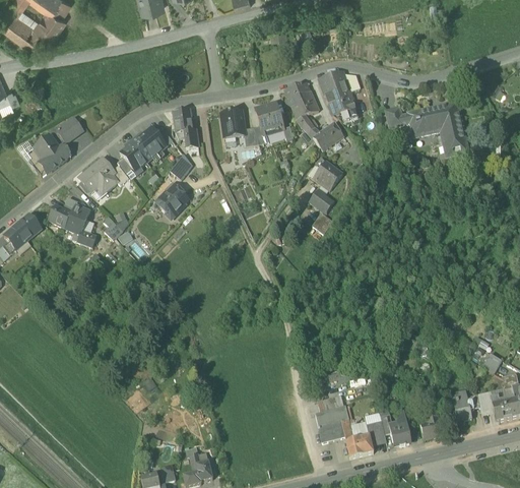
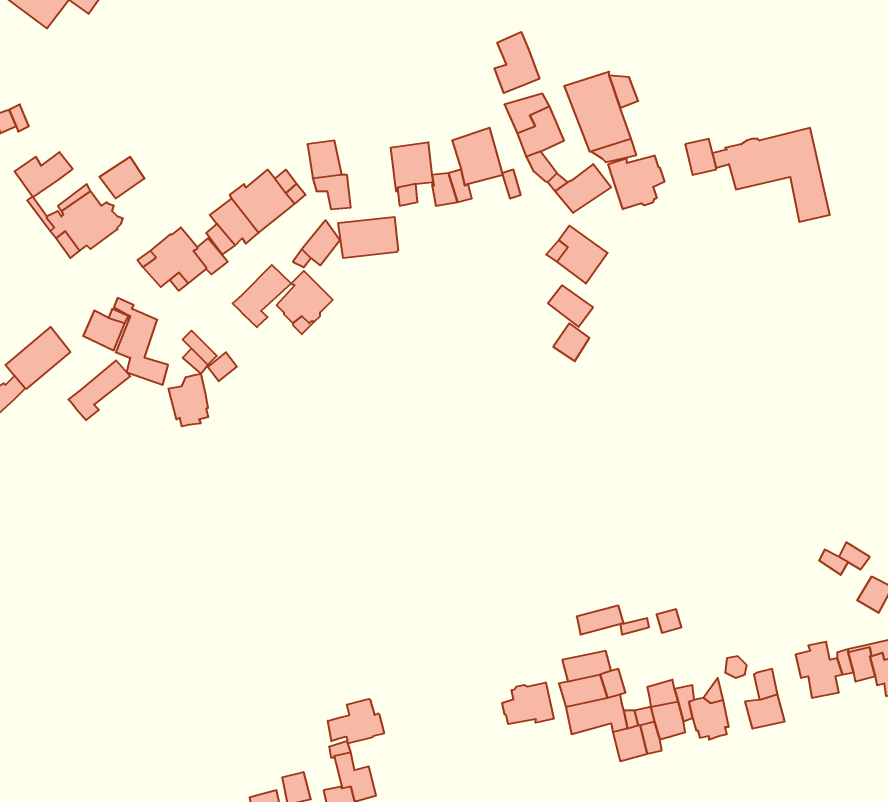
building: none -> [494,32,539,93]
building: none -> [15,152,73,197]
building: none -> [608,155,664,209]
building: none -> [338,217,398,258]
building: none -> [233,265,291,327]
building: none -> [68,360,130,420]
building: none -> [168,374,208,426]
building: none -> [502,682,554,724]
building: none -> [328,699,384,743]

